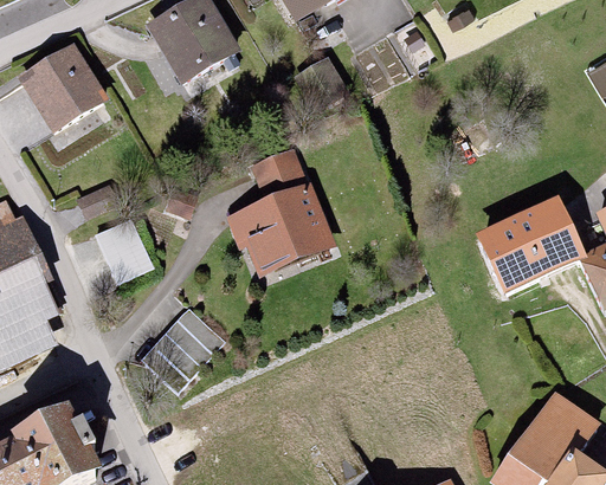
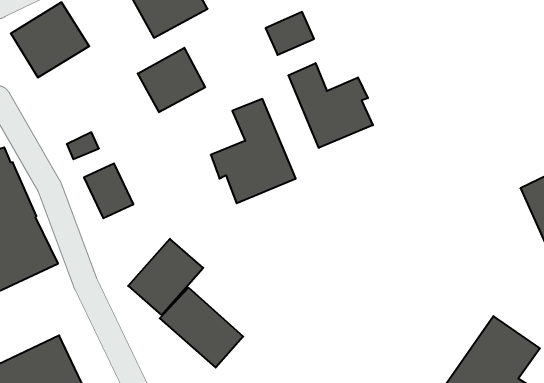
building: none -> [138,48,205,112]
building: none -> [288,63,373,148]
building: [477,200,575,290] -> none
building: none -> [160,288,243,368]

